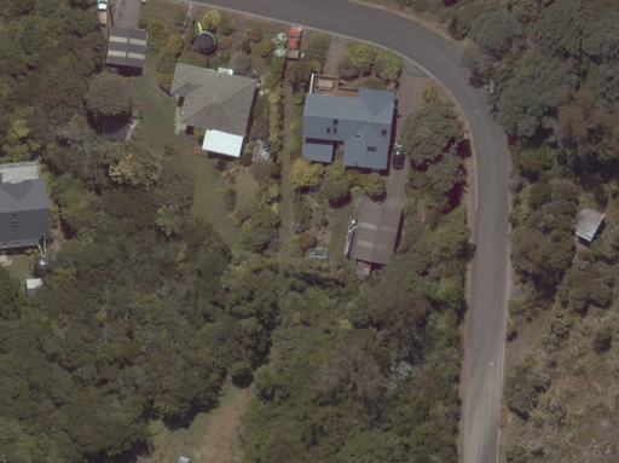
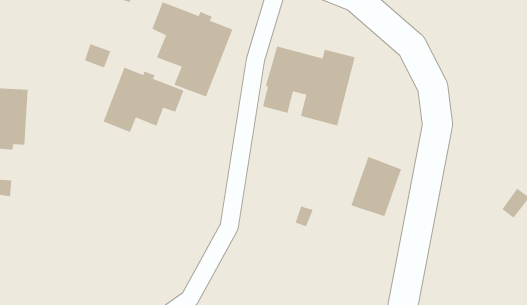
building: none -> [103,67,184,133]
building: [352,202,401,265] -> [351,156,402,217]

